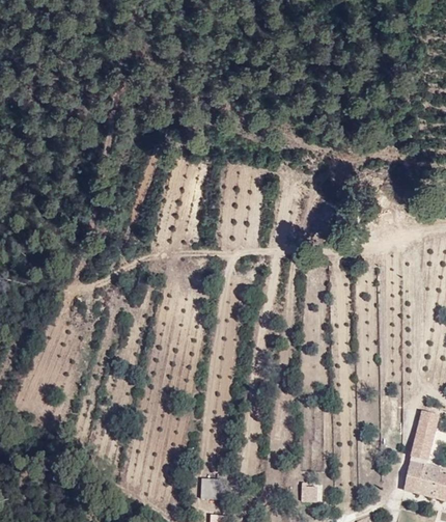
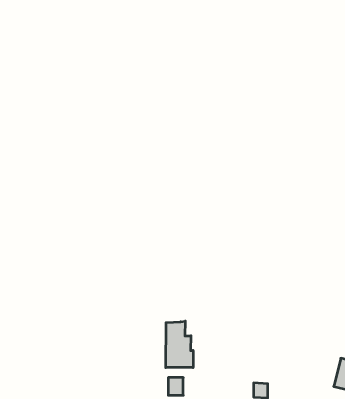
building: none -> [166,321,193,368]

